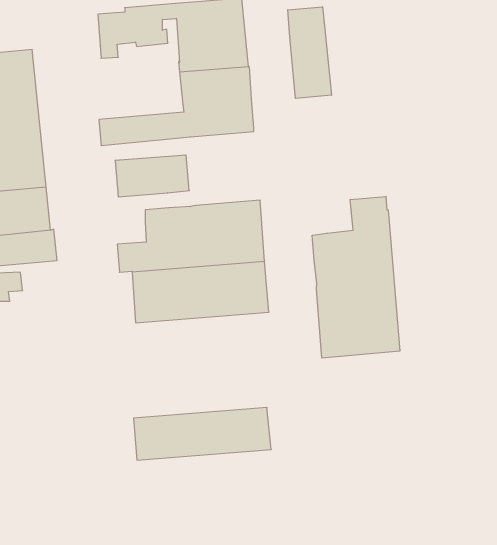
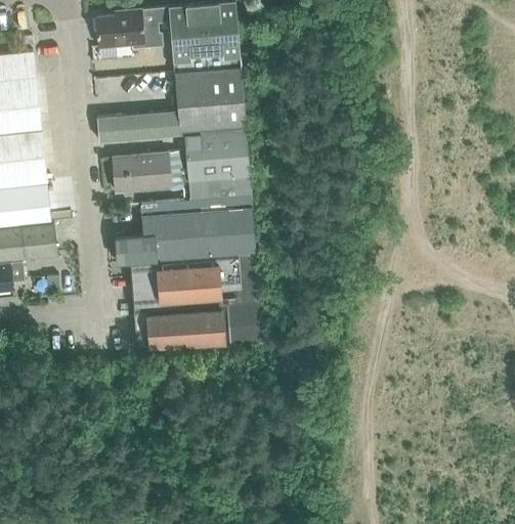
building: [288,7,331,98] -> none
building: none -> [184,129,251,200]
building: [312,196,400,358] -> none
building: [134,407,271,460] -> [132,301,263,351]

